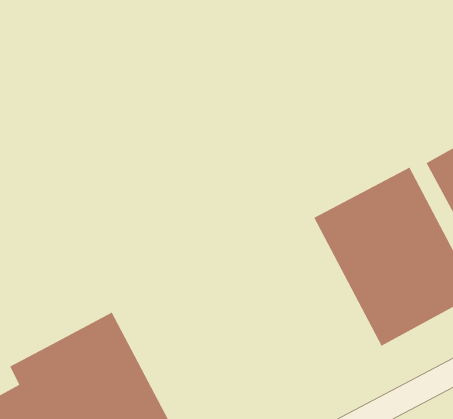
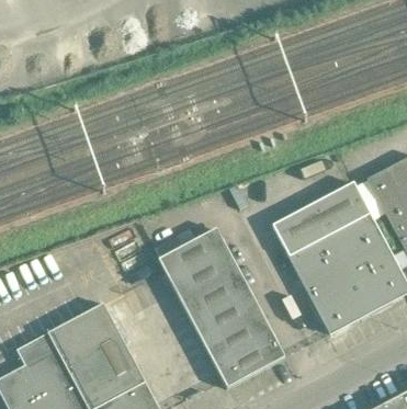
building: none -> [159,228,285,388]

